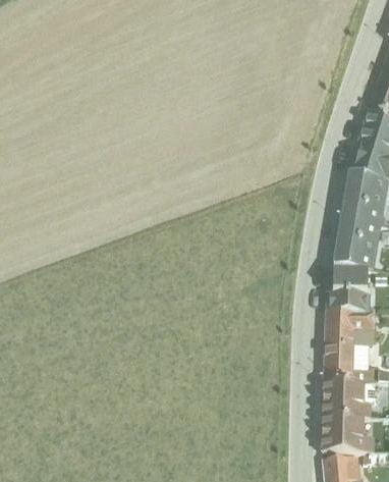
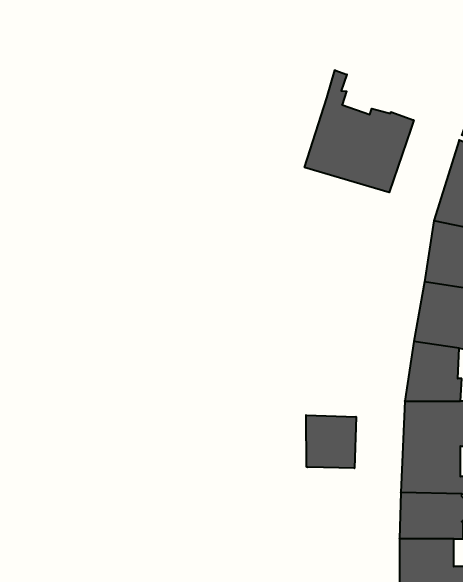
building: none -> [305,70,414,192]
building: none -> [306,415,356,468]

